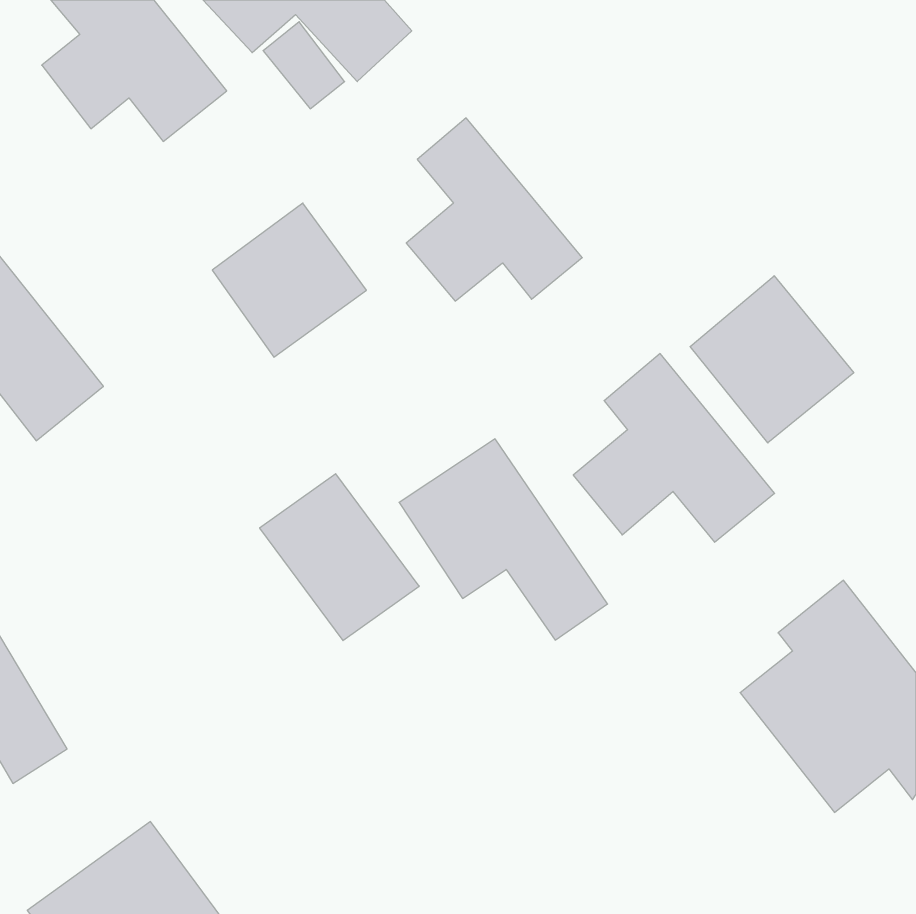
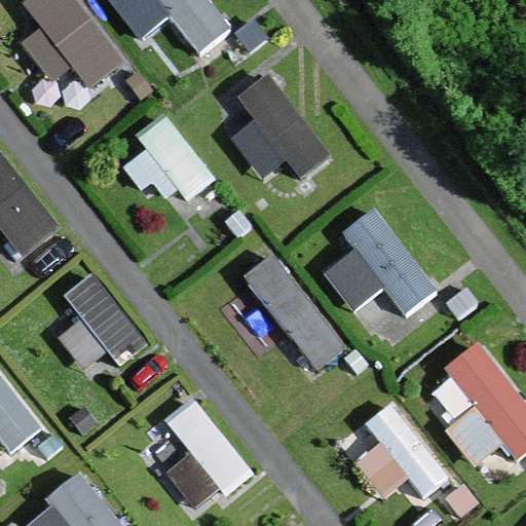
building: [690,276,854,443] -> none
building: [260,474,419,641] -> [48,272,139,367]
building: none -> [162,394,250,514]
building: none -> [338,398,450,503]

